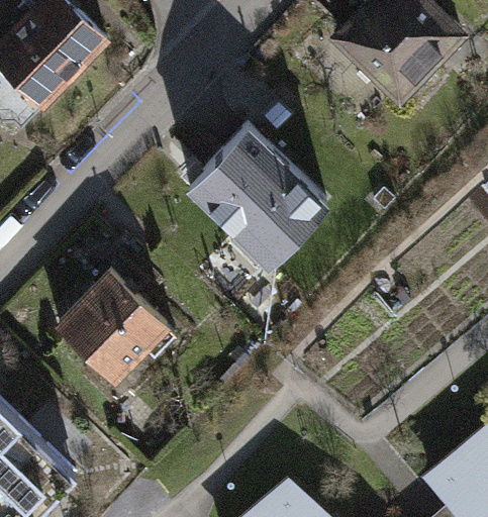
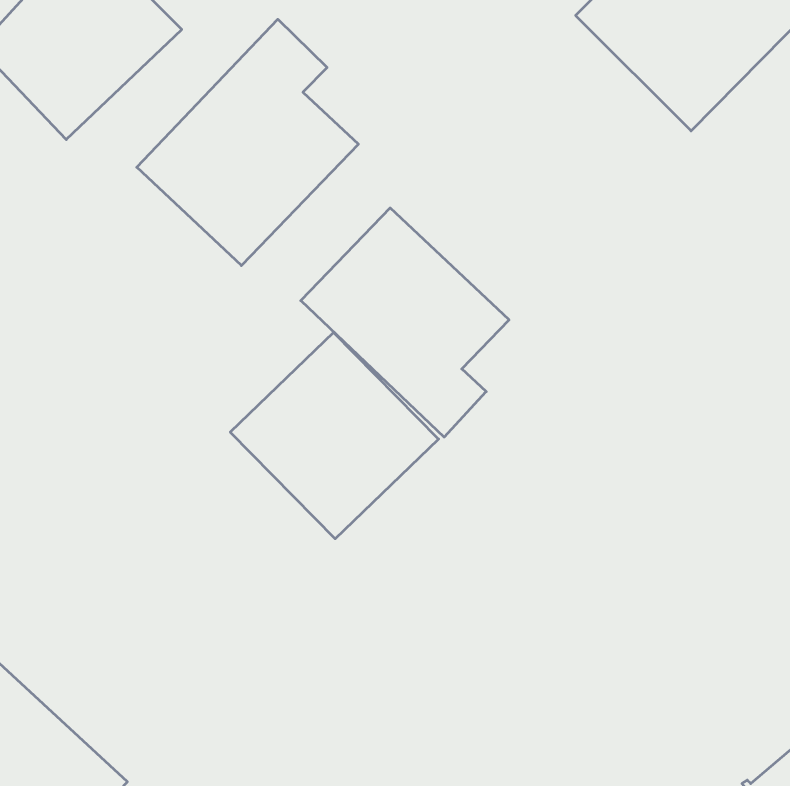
building: none -> [137,19,358,266]
building: [48,265,169,384] -> [230,332,439,539]

